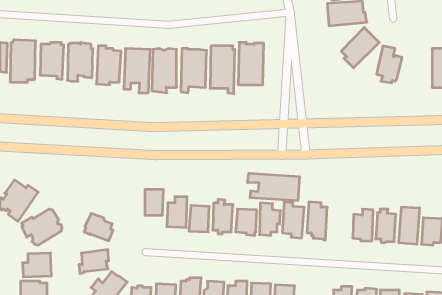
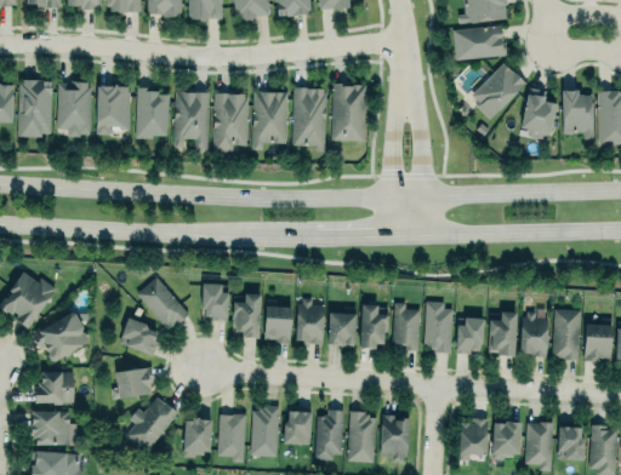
building: none -> [562,90,593,138]
building: [248,173,300,201] -> none
building: none -> [136,277,188,331]
building: none -> [456,316,485,354]

